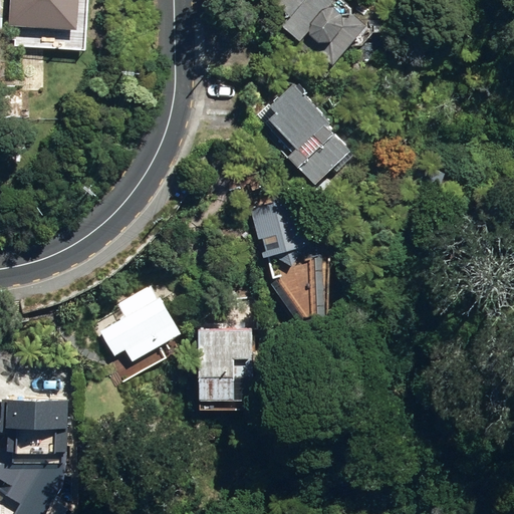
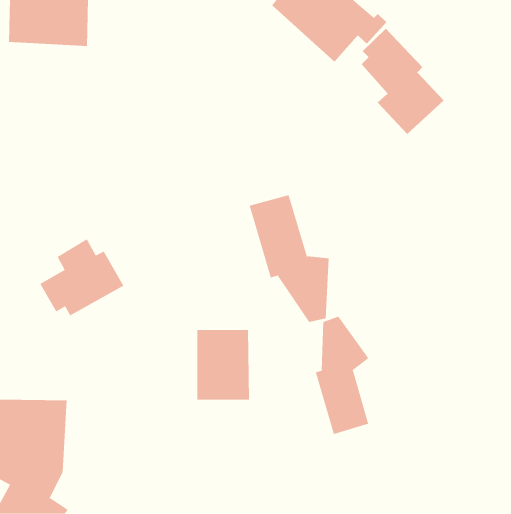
building: [268,81,351,188] -> [361,28,444,135]
building: [94,284,179,361] -> [40,239,124,316]
building: none -> [315,316,369,435]

